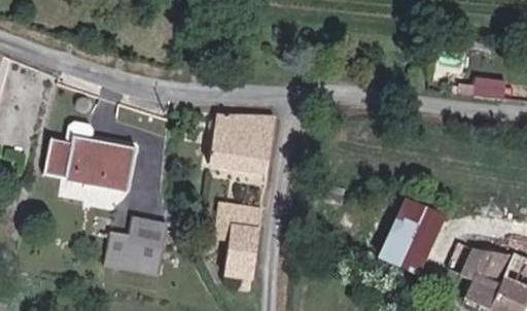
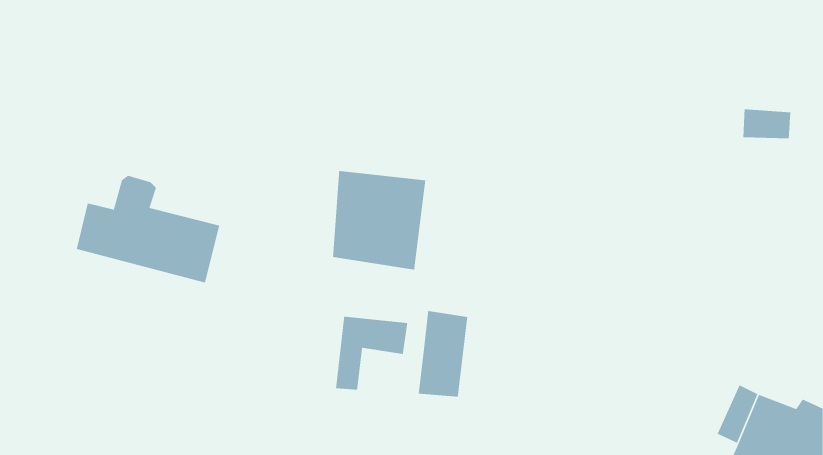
building: [380,204,442,282] -> none
building: [107,212,174,272] -> none
building: [226,228,258,283] -> [418,310,468,398]

